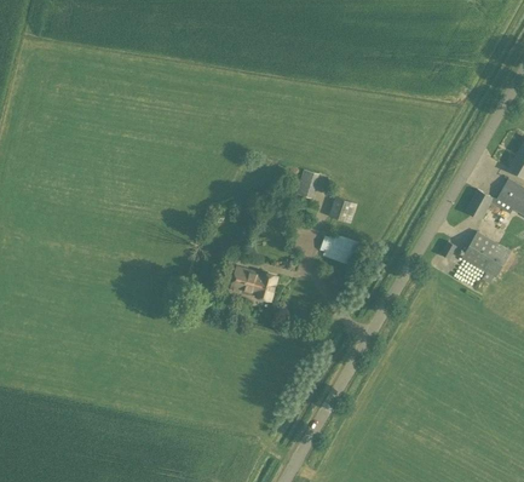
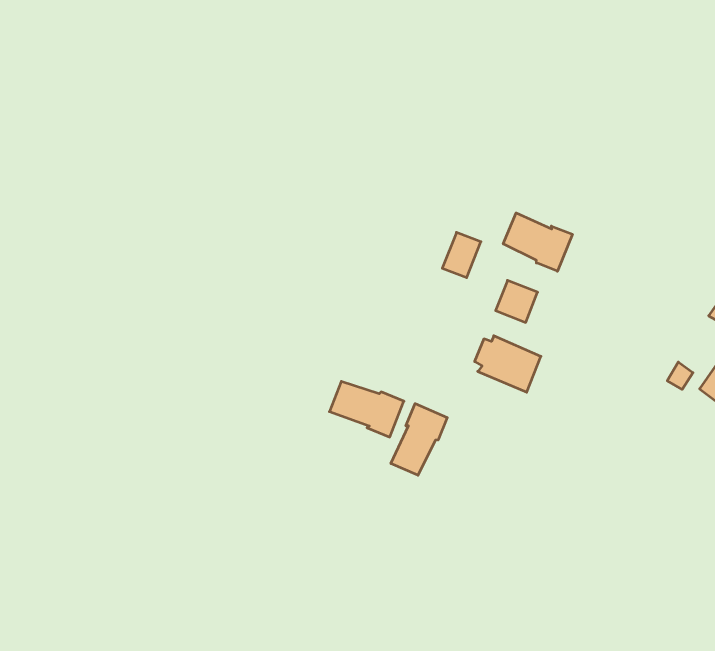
building: none -> [503,213,572,271]
building: none -> [391,404,447,475]

